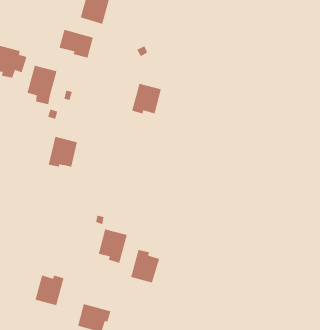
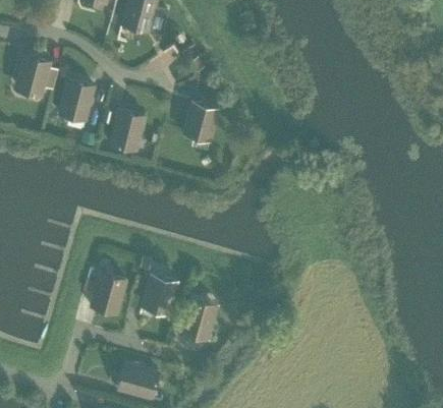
building: [59,29,94,59] -> none
building: [48,136,78,168] -> [110,111,146,149]
building: [35,274,65,306] -> [91,278,126,315]

